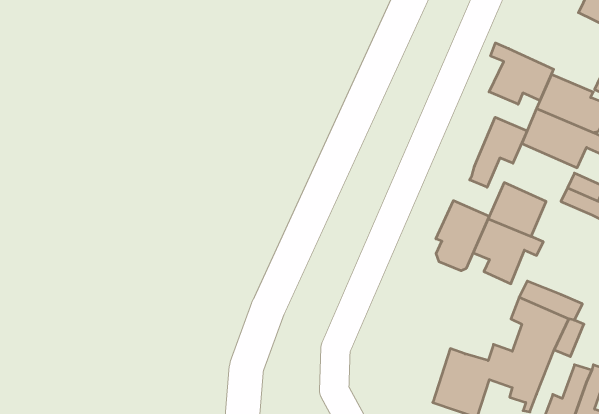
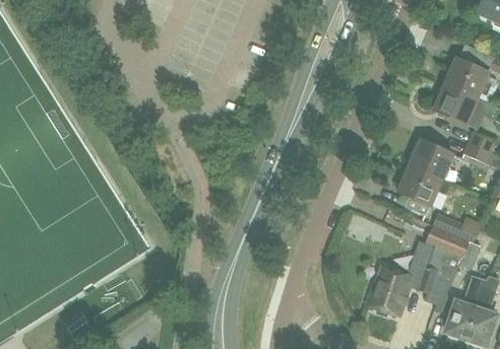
building: [489,43,554,104] -> none
building: [470,117,527,187] -> none
building: [436,201,489,271] -> none

